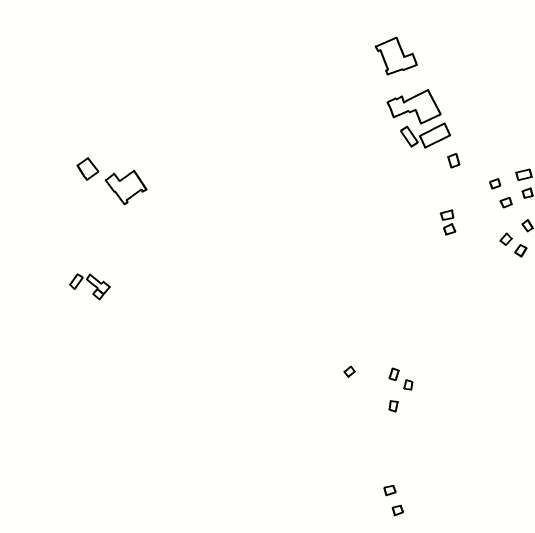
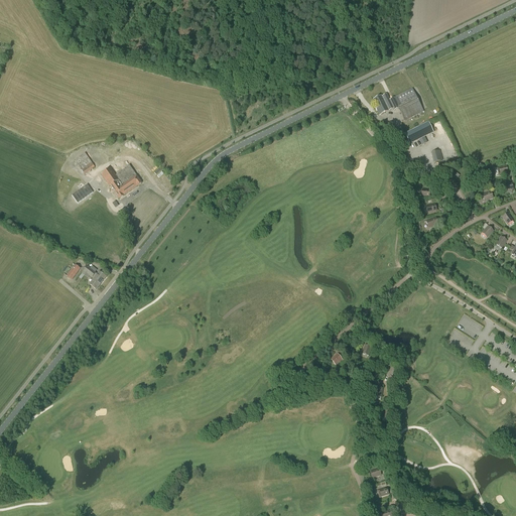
building: [376,38,417,75] -> none

